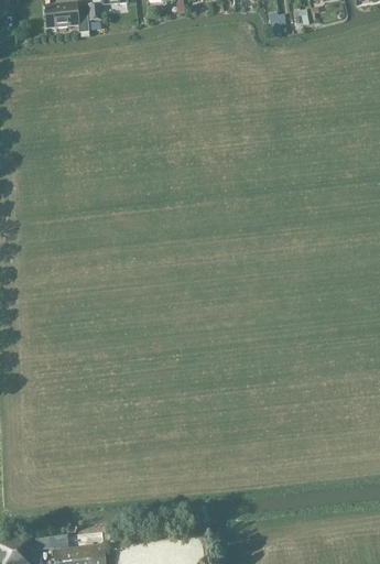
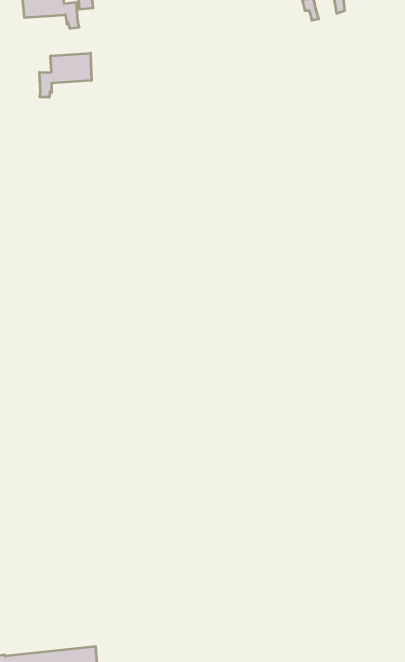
building: none -> [39,53,92,97]

